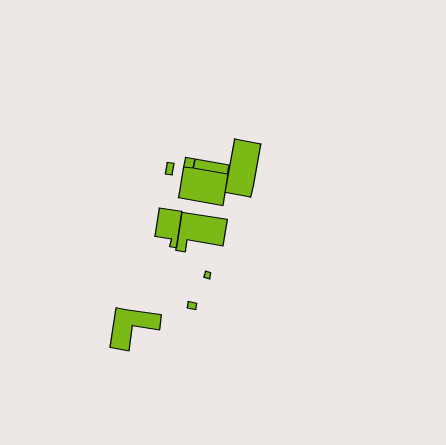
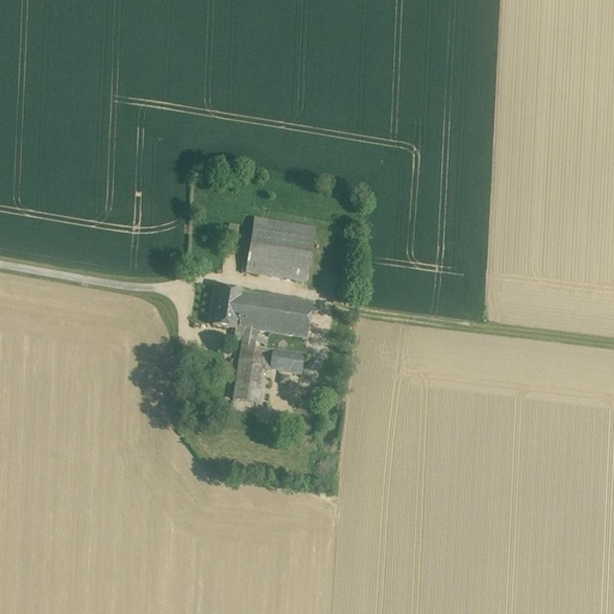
building: [225,139,261,197] -> none
building: [110,308,161,351] -> [234,343,305,402]

